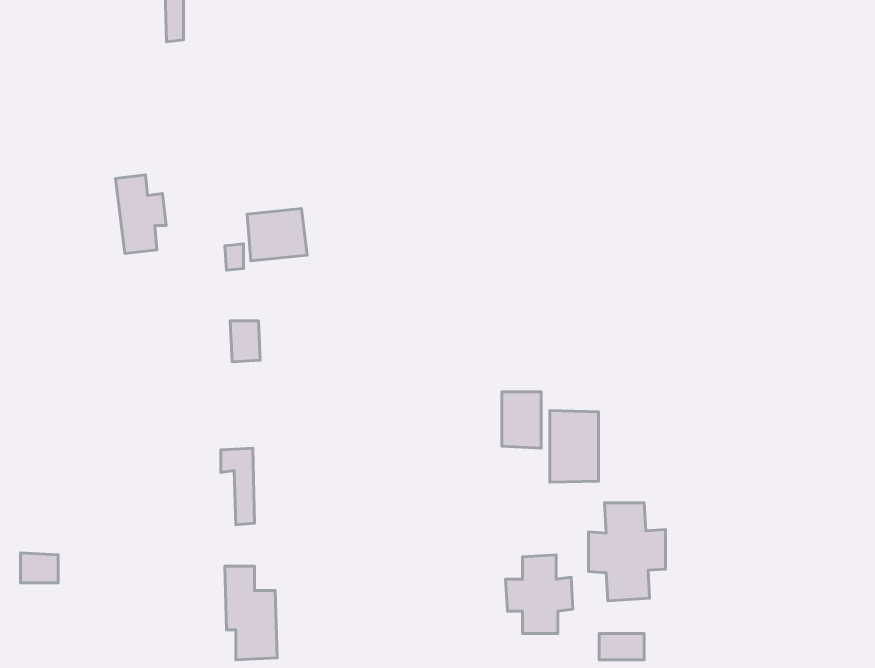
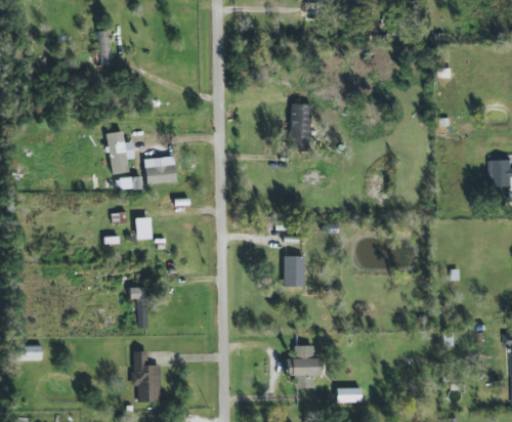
building: none -> [288,103,311,150]
building: [116,175,166,253] -> [106,131,134,174]
building: [550,410,599,482] -> none
building: [589,503,666,601] -> none

